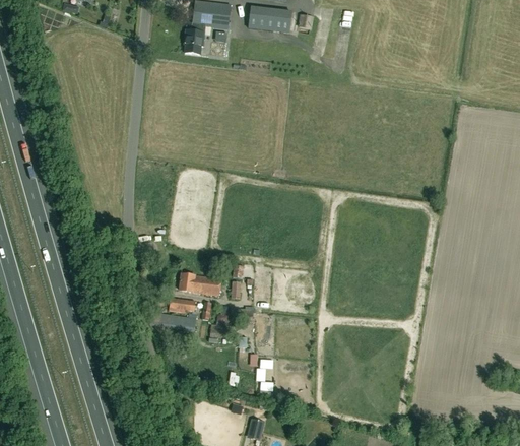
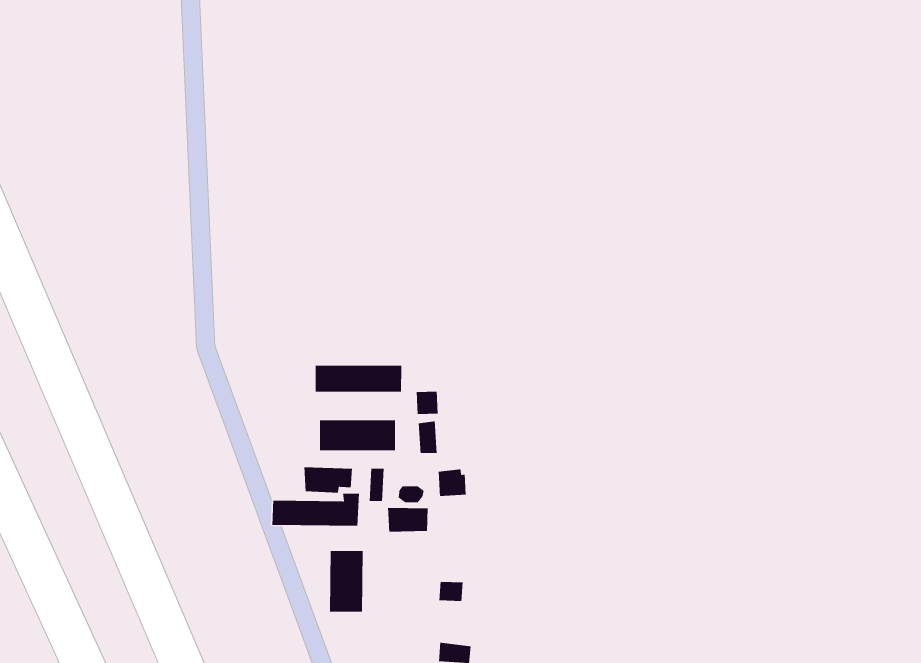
building: none -> [315,365,402,392]
building: none -> [329,550,363,613]

